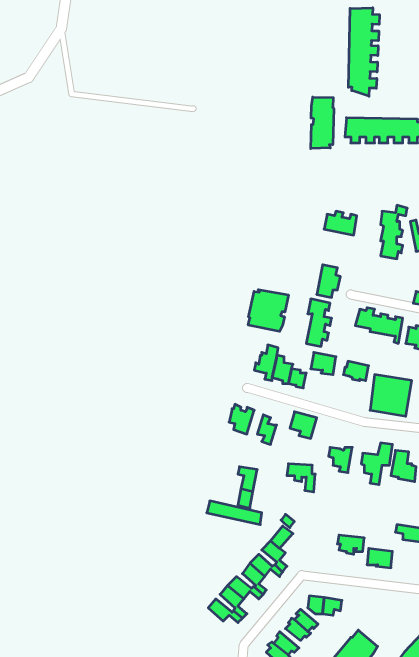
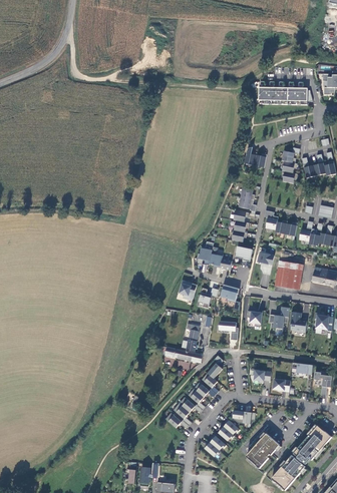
building: [348,8,379,96] -> none
building: [311,97,334,149] -> none
building: [248,290,288,331] -> none

